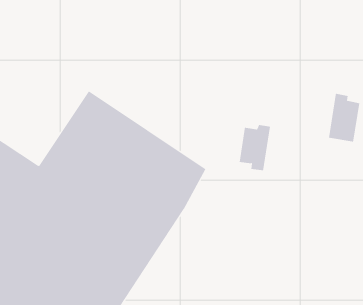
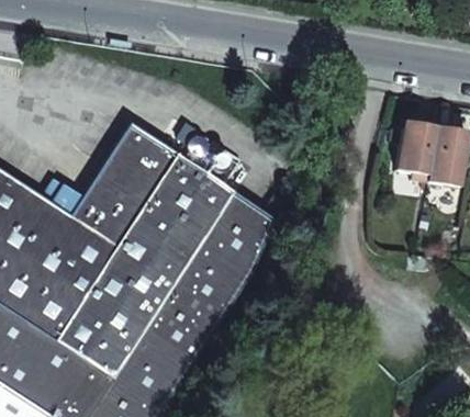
building: [239,125,271,171] -> [394,124,434,181]

